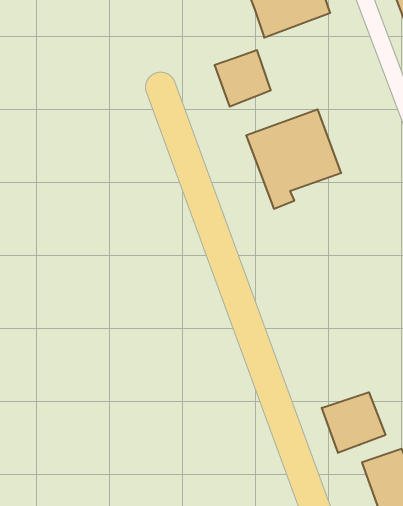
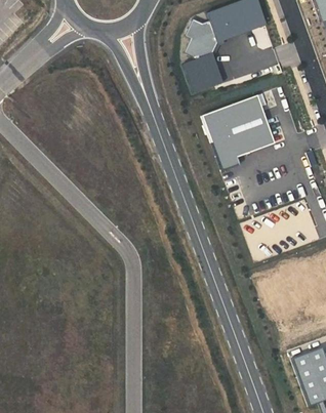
building: none -> [187,19,218,57]
building: [322,392,385,453] -> none

